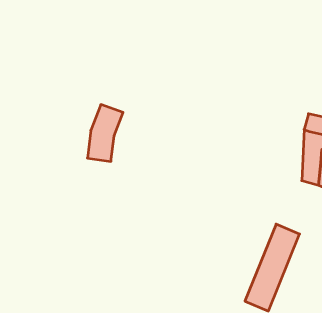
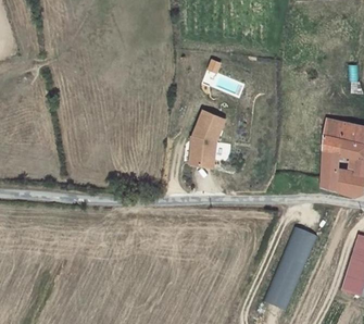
building: [87,105,123,161] -> [189,111,224,166]

